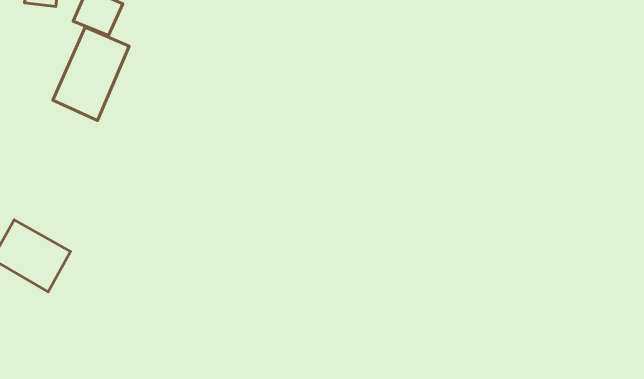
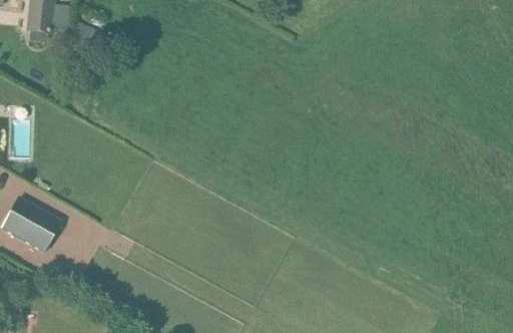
building: [53,27,129,120] -> none

